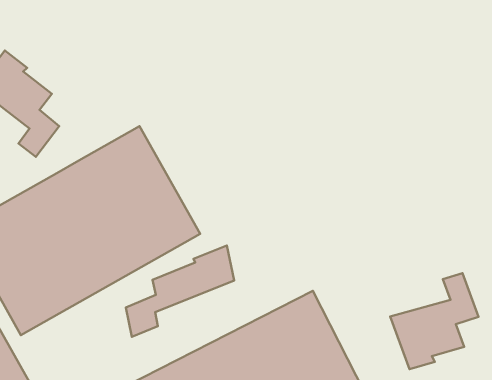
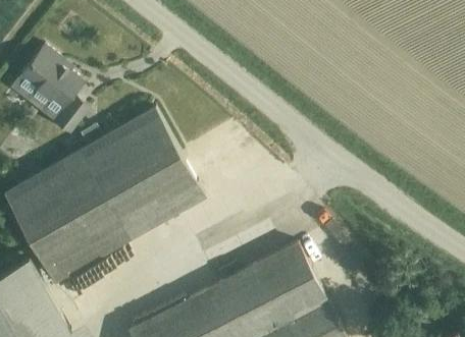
building: [126,245,234,337] -> none
building: [390,273,478,369] -> none

